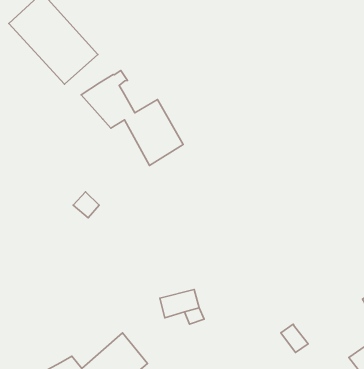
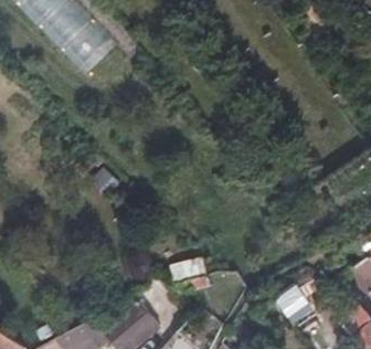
building: [81,71,183,166] -> none

